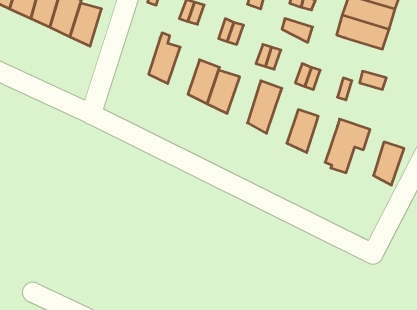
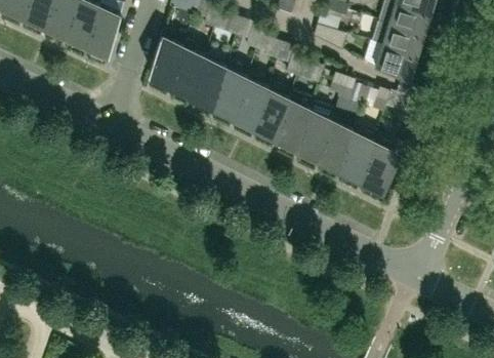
building: none -> [148,32,182,87]
building: none -> [374,48,420,82]
building: none -> [191,62,225,109]
building: none -> [254,93,288,140]
building: none -> [296,106,334,161]
building: [373,142,404,185] -> [339,135,372,182]

